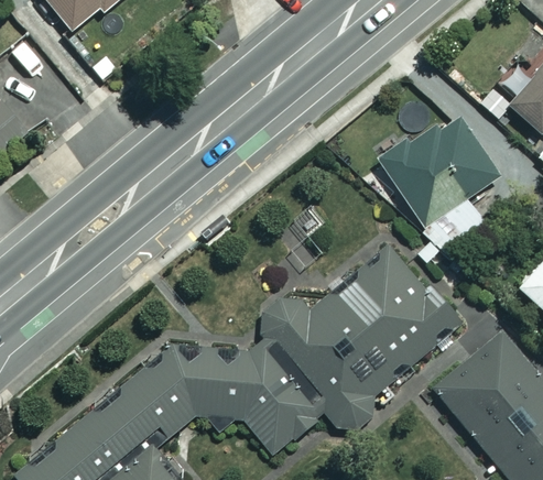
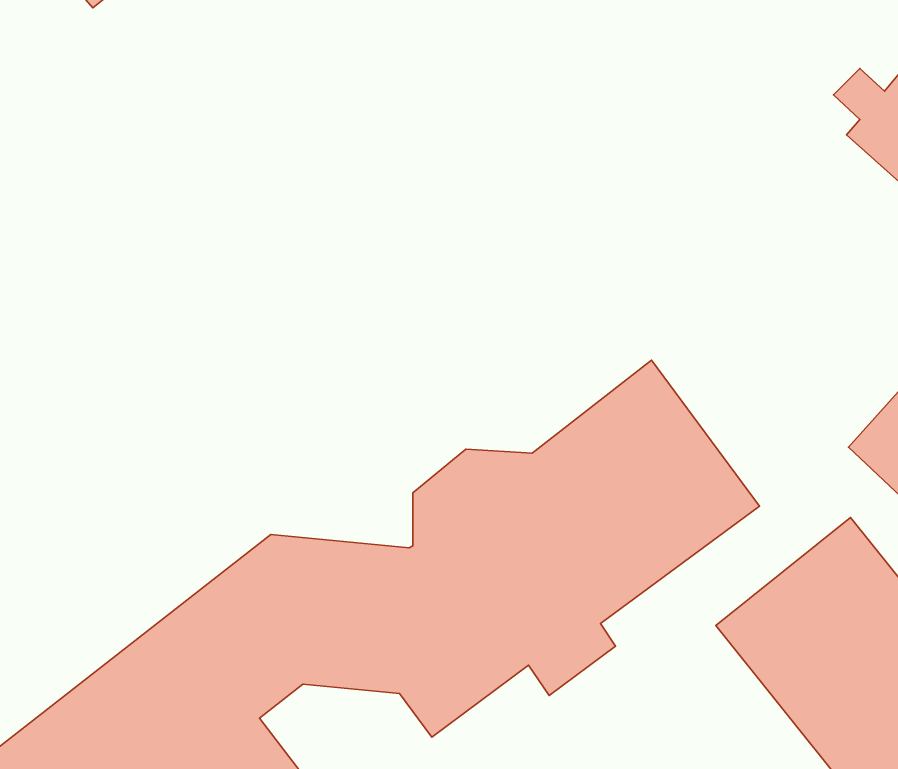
building: [380,118,501,229] -> none

